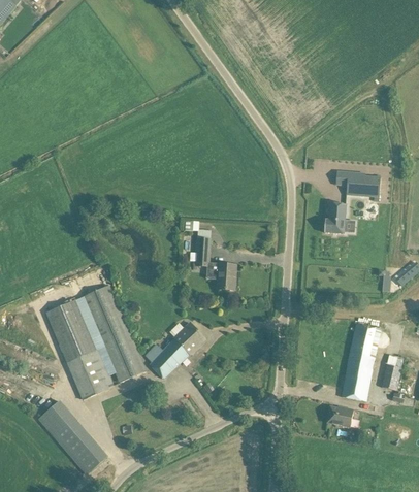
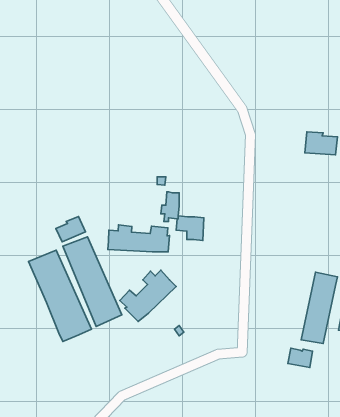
building: [323,202,346,233] -> none
building: none -> [56,216,86,242]
building: none -> [108,225,170,252]
building: [37,400,105,473] -> none

